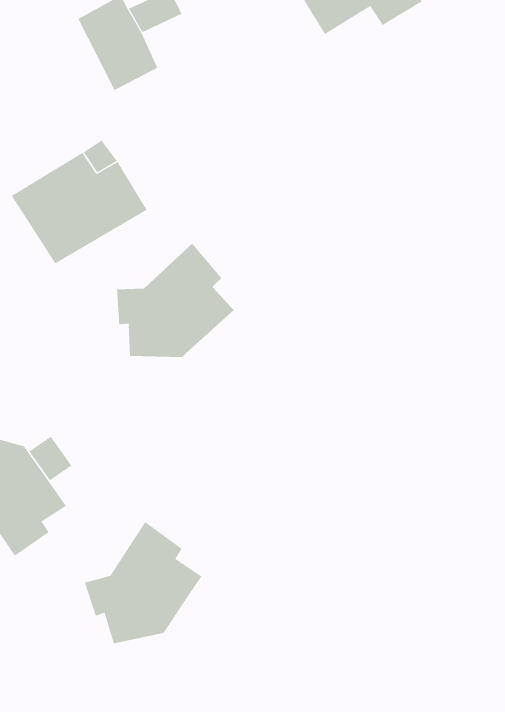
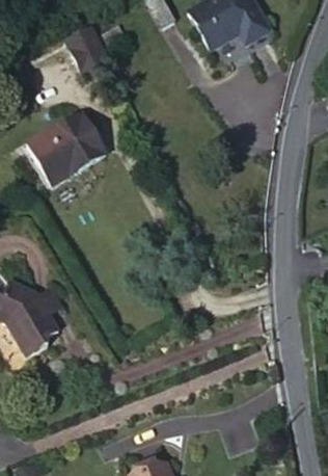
building: [116,243,235,358] -> none
building: [84,521,202,644] -> none

